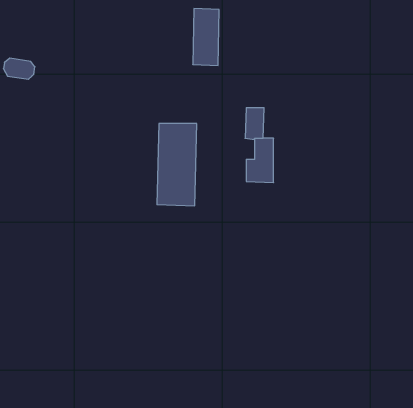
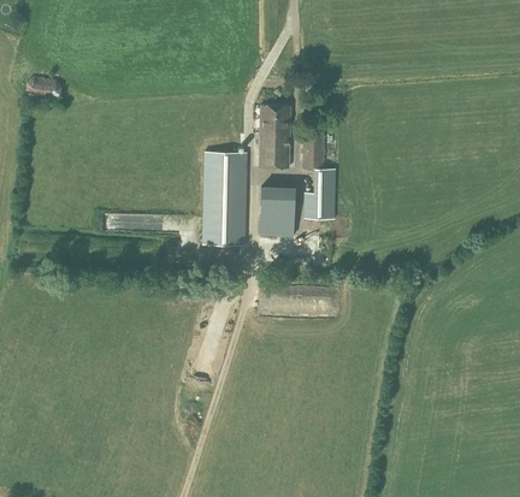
building: [193,9,219,65] -> [260,103,290,168]
building: none -> [260,185,296,236]

